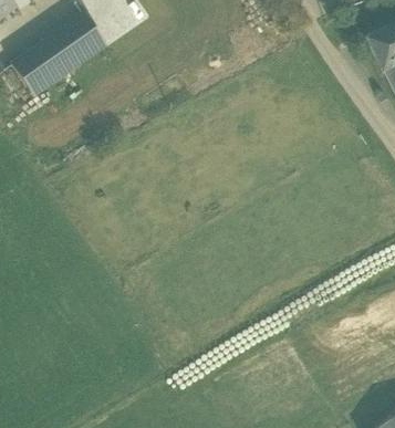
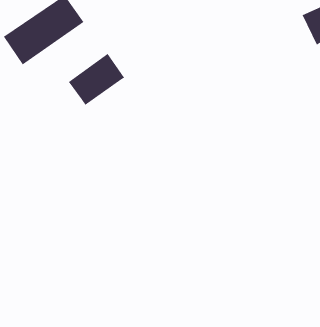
building: none -> [68,53,125,106]

